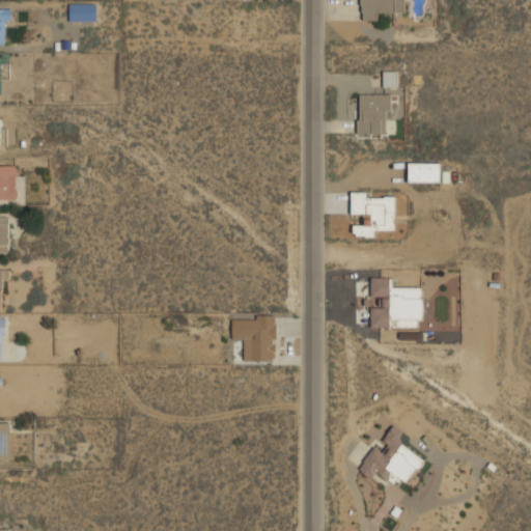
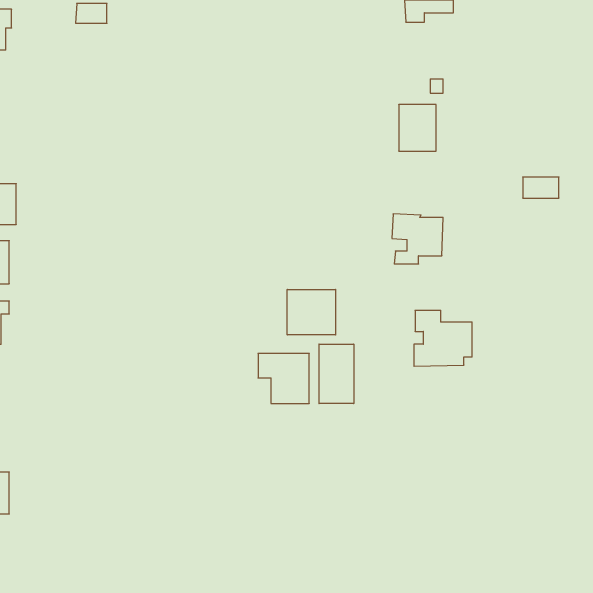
building: [408,163,440,181] -> [523,177,559,198]
building: none -> [287,289,336,335]
building: none -> [319,344,354,404]
building: [357,427,421,483] -> none

